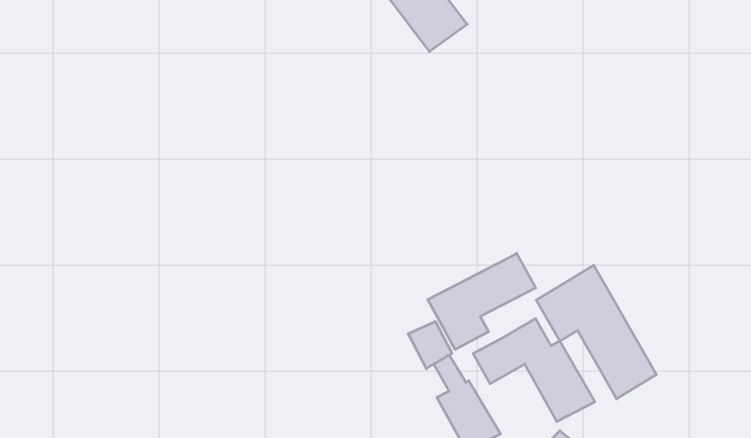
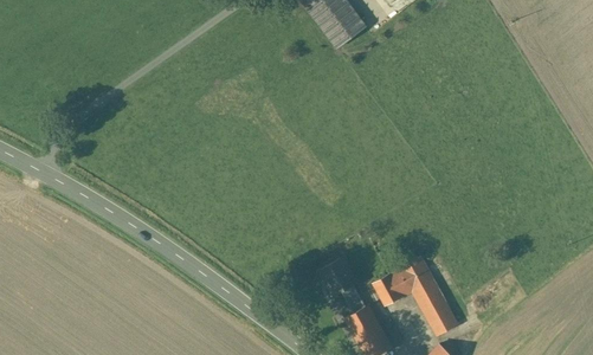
building: [428,253,536,349] -> none
building: [536,265,656,399] -> none

